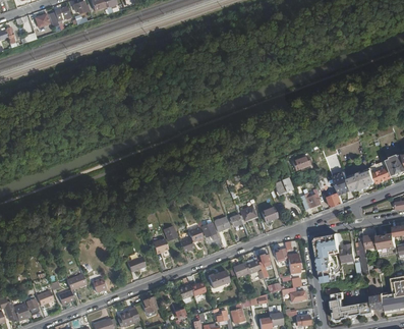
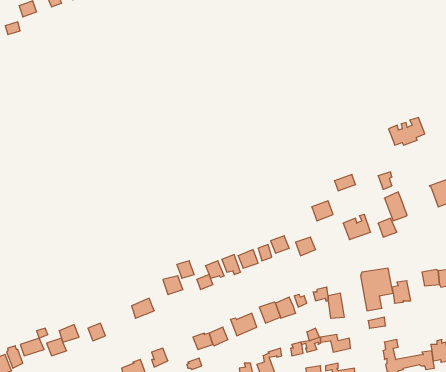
building: [346,166,376,188] -> [389,118,425,145]

